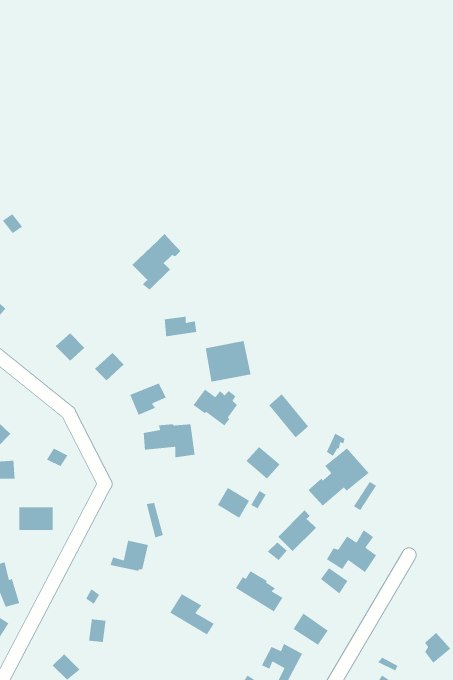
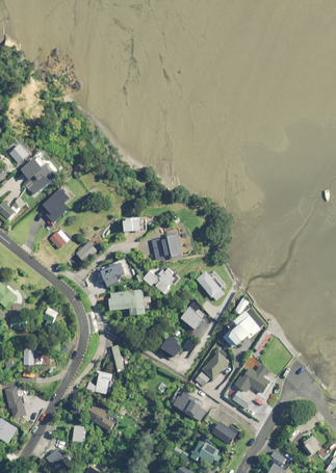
building: none -> [20,159,56,196]
building: [131,233,181,291] -> [41,183,75,222]
building: [169,593,215,635] -> [84,403,115,432]

